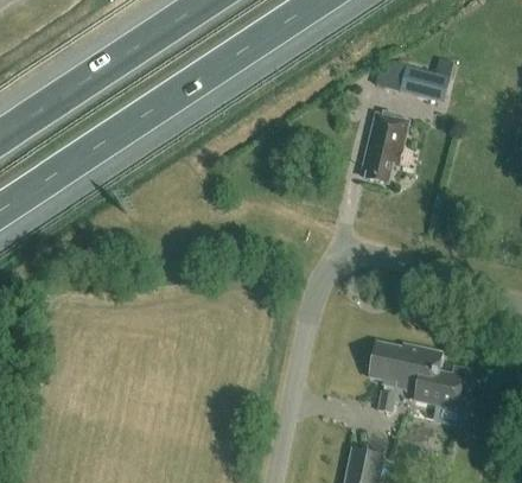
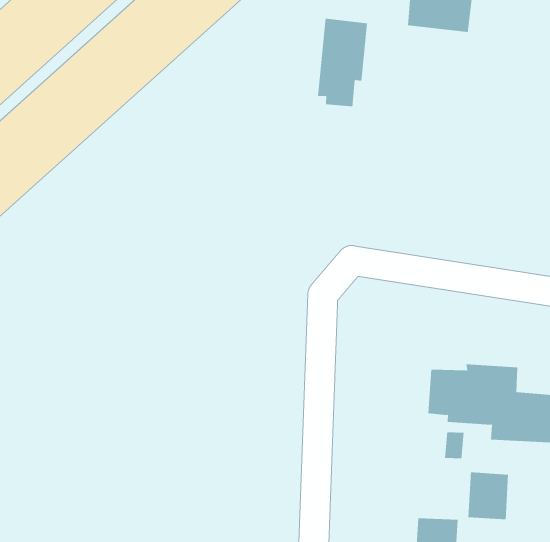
building: [361,112,406,179] -> [317,18,368,107]
building: none -> [468,472,509,520]

